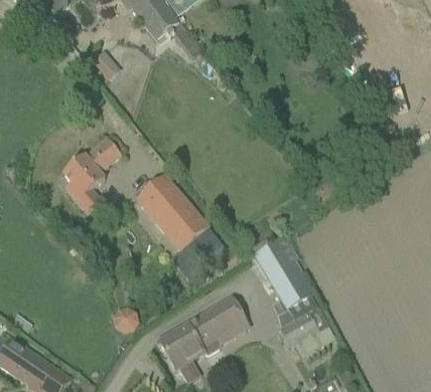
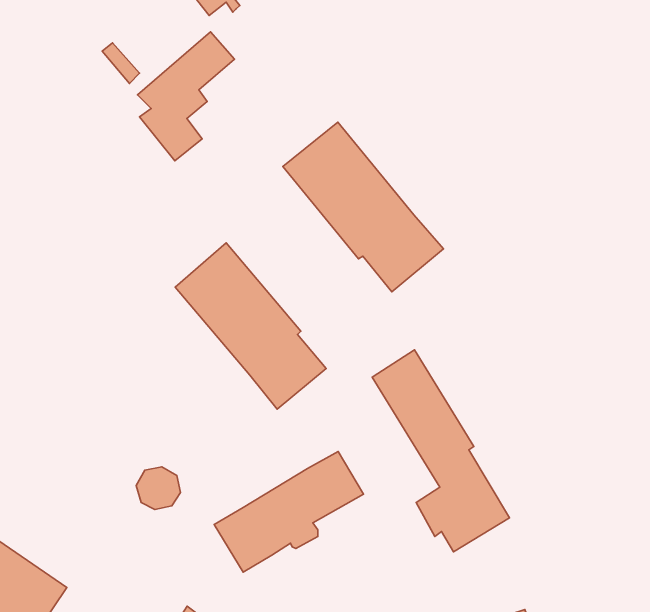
building: none -> [283,122,443,292]
building: [63,136,121,212] -> [138,32,234,161]

